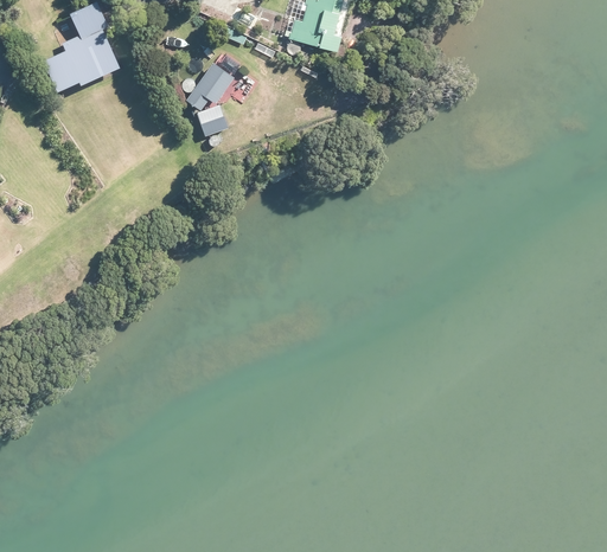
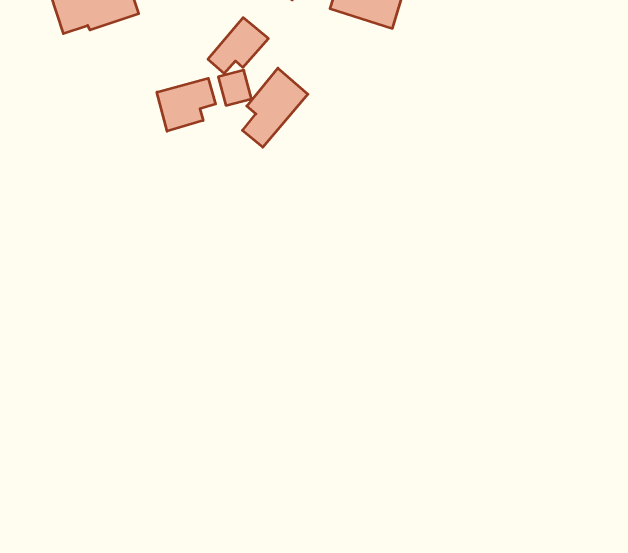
building: none -> [242,68,308,147]
building: none -> [157,78,216,131]

